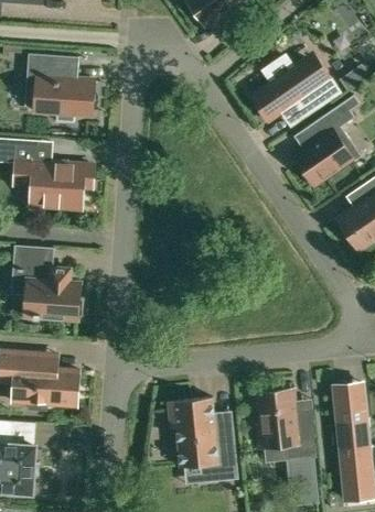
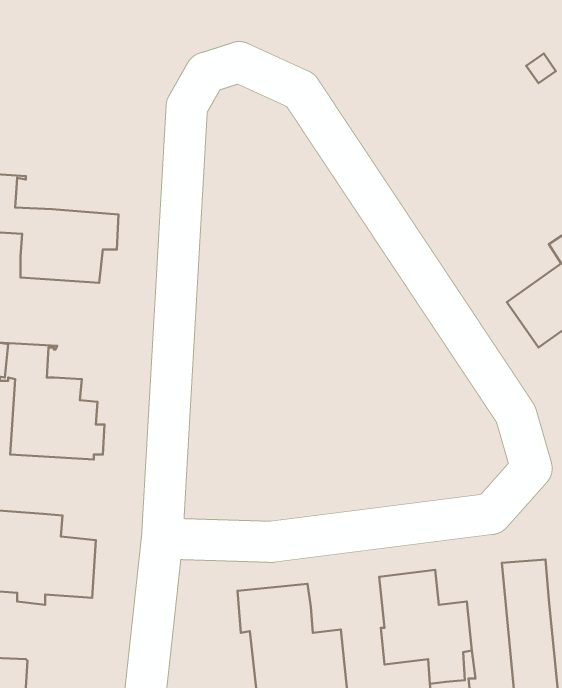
building: [251,53,336,120] -> none
building: [26,54,95,122] -> none
building: [293,95,360,185] -> none

